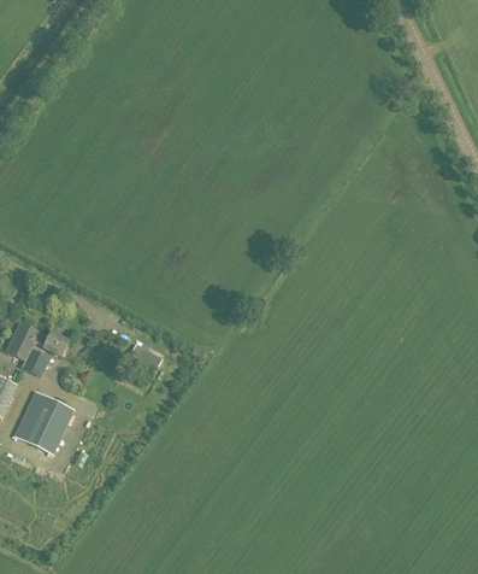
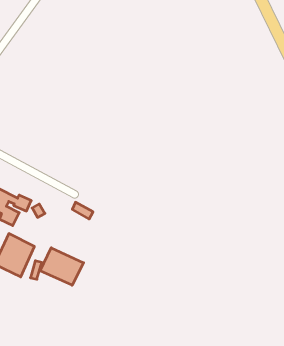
building: none -> [40,248,84,285]

